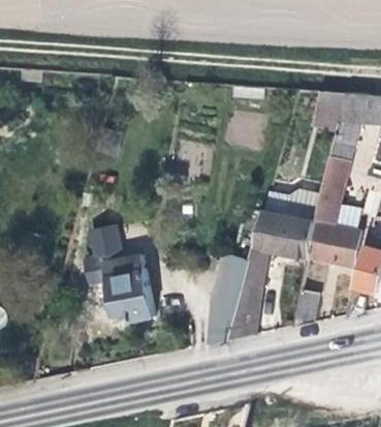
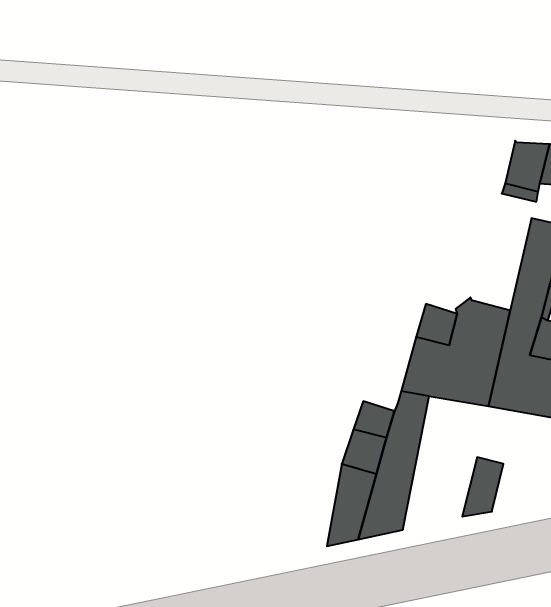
building: [98,242,152,322] -> none

